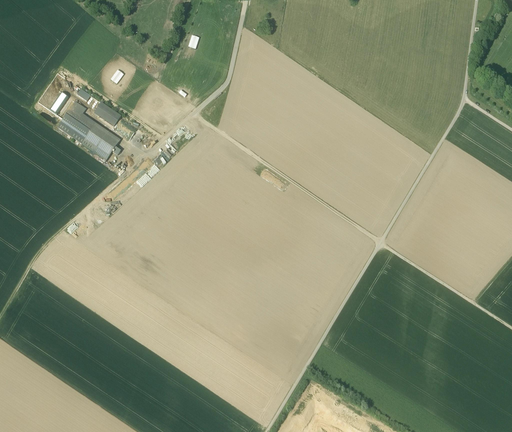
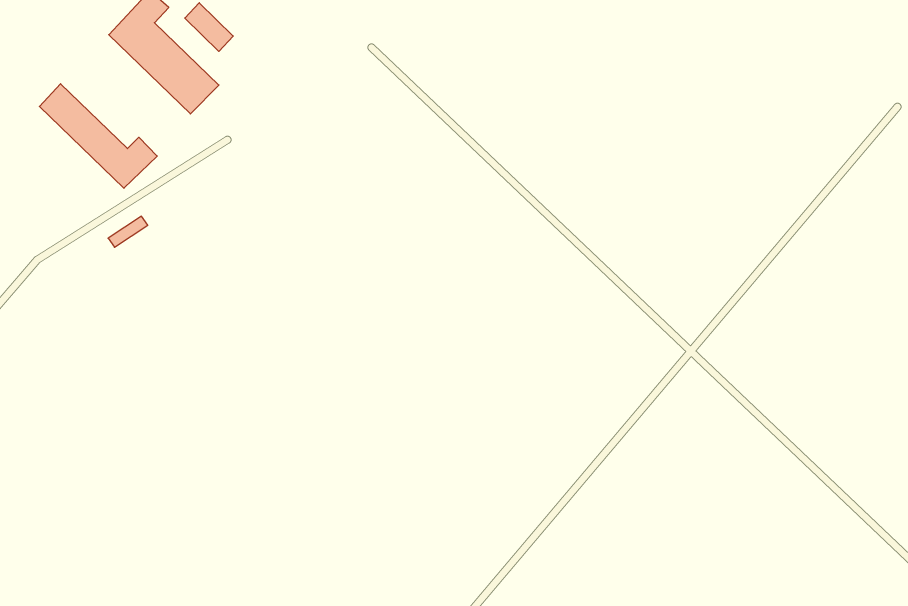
building: none -> [39,84,157,188]

